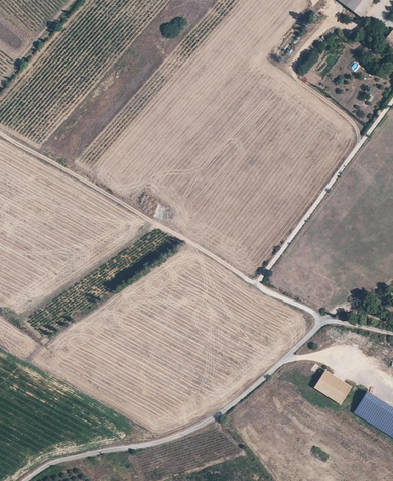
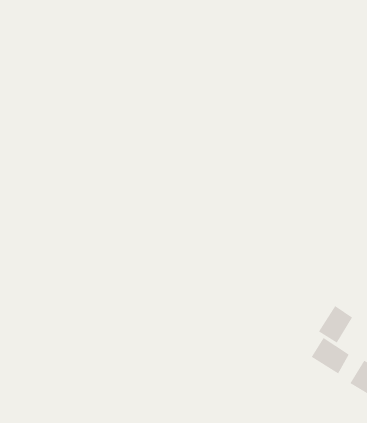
building: none -> [318,305,353,344]

